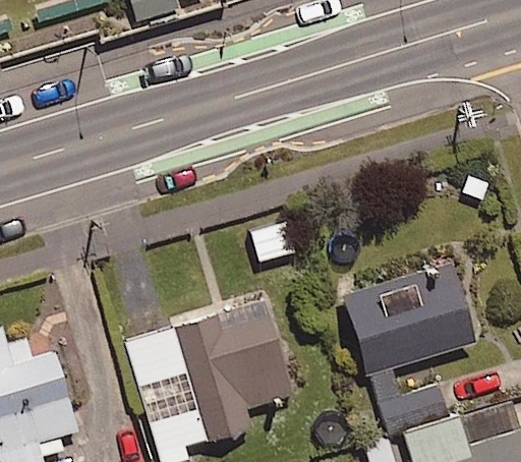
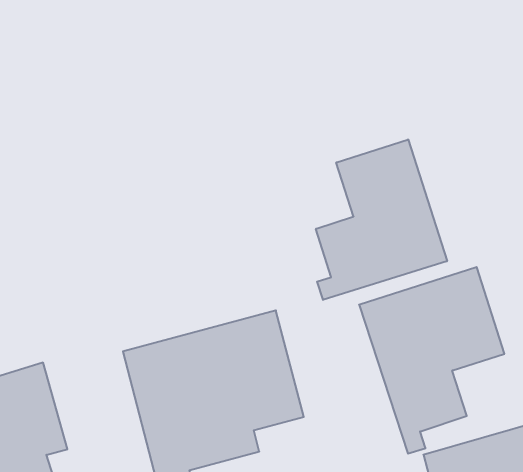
building: none -> [316,139,447,300]

